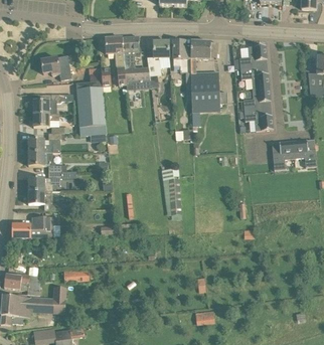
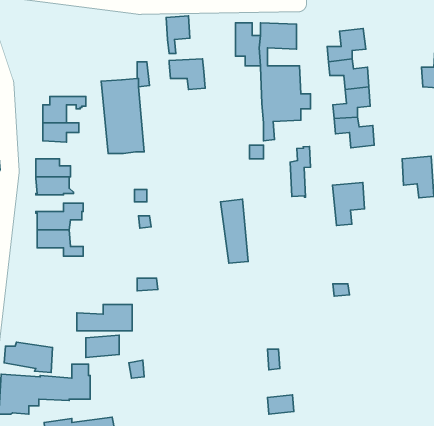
building: [105,36,125,84] -> none
building: [146,40,169,75] -> none
building: [40,54,71,79] -> none
building: none -> [290,147,311,197]
building: [271,139,294,170] -> [332,182,364,226]
building: [11,217,51,236] -> [77,304,132,331]

